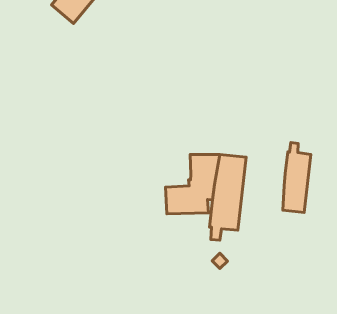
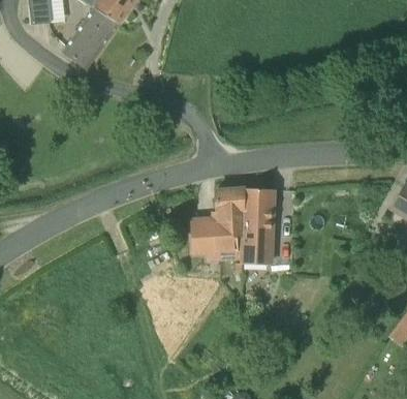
building: [283,142,311,213] -> none

